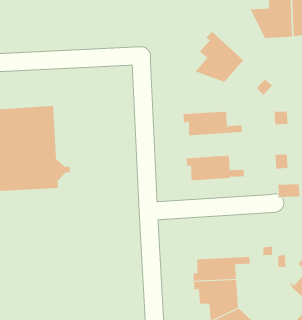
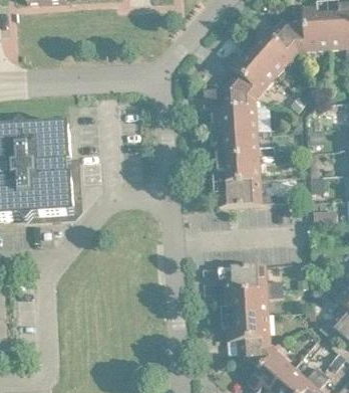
building: none -> [242,18,299,74]
building: none -> [210,86,258,133]
building: none -> [213,153,275,181]
building: none -> [218,263,283,291]

